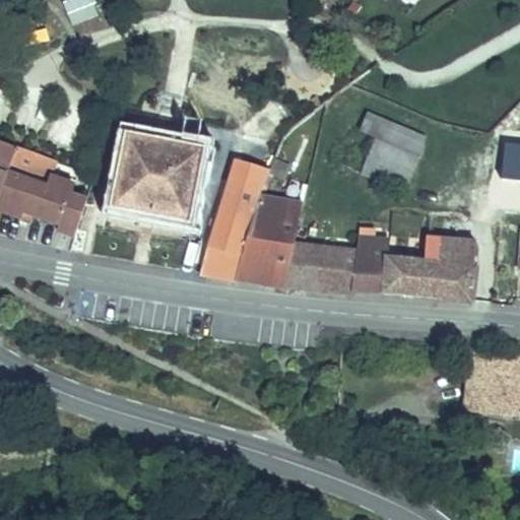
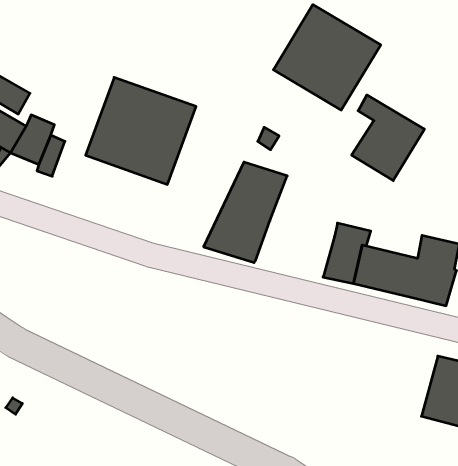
building: none -> [273,5,381,110]
building: [199,155,268,277] -> none
building: [284,243,355,288] -> none

